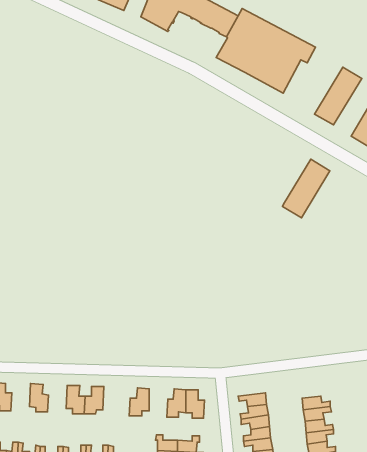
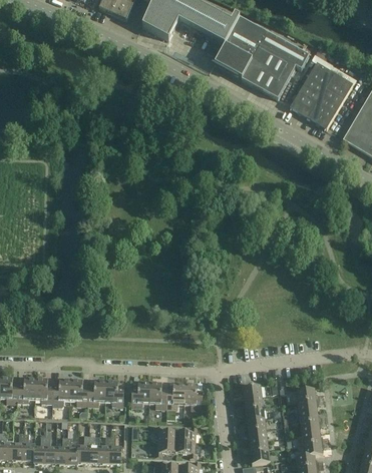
building: [283,159,330,218] -> [290,62,335,118]
building: none -> [17,376,36,403]
building: none -> [52,377,71,406]
building: none -> [105,379,123,406]
building: none -> [149,381,167,408]

